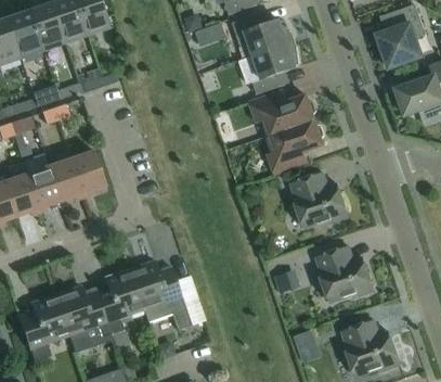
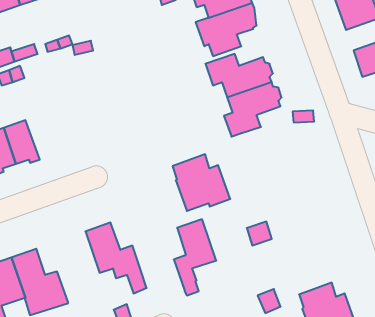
building: [69,150,105,196] -> none
building: [290,171,348,228] -> [173,154,230,211]
building: [315,245,374,302] -> none
building: [101,268,143,344] -> [174,219,216,295]

